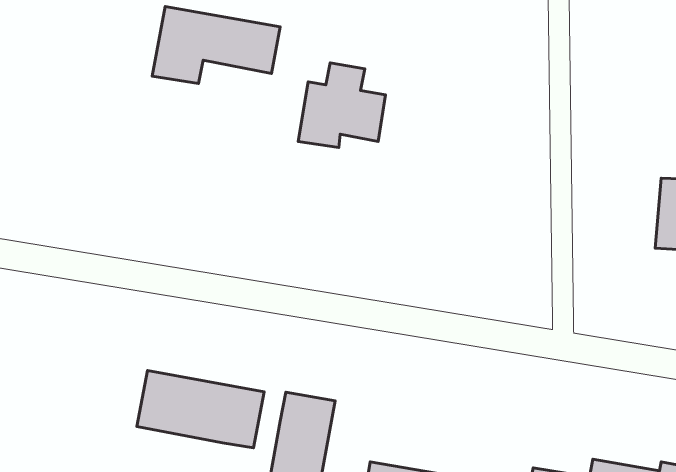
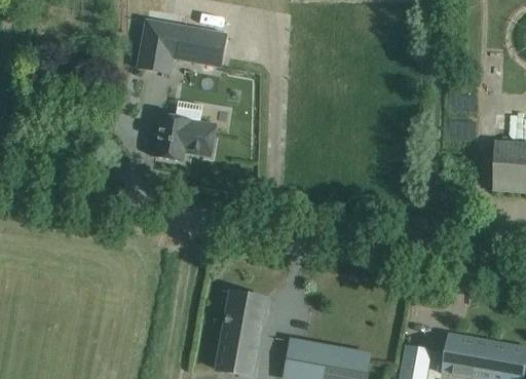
building: [298,63,385,147] -> [154,101,216,160]
building: [137,370,264,448] -> none

